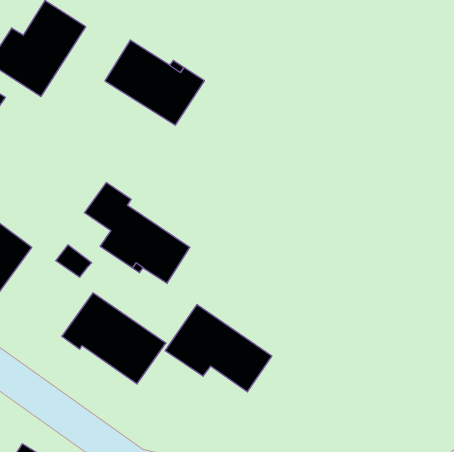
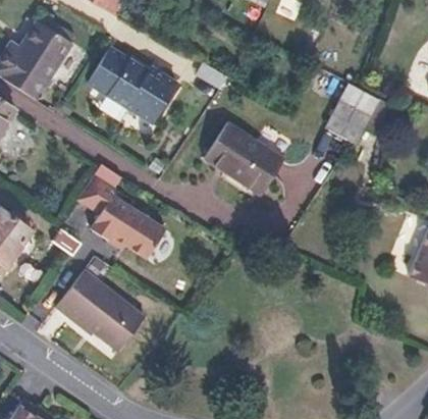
building: none -> [326,84,380,145]
building: none -> [209,125,287,197]
building: [165,304,272,392] -> none

